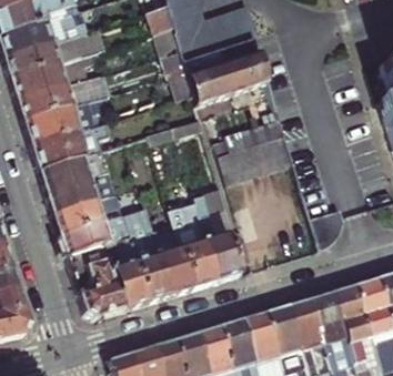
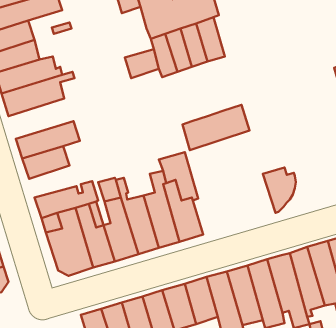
building: [31,120,110,167] -> none
building: [53,196,104,231] -> none

